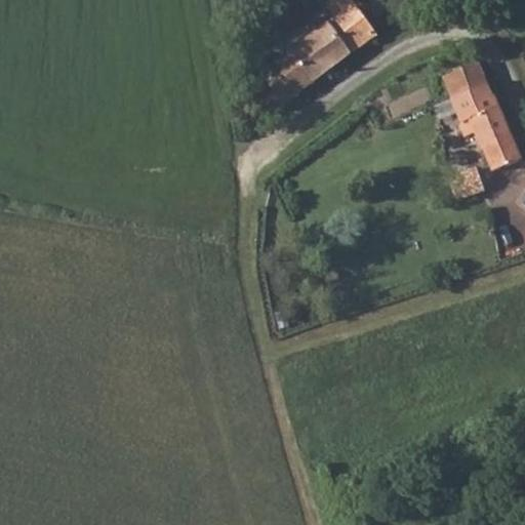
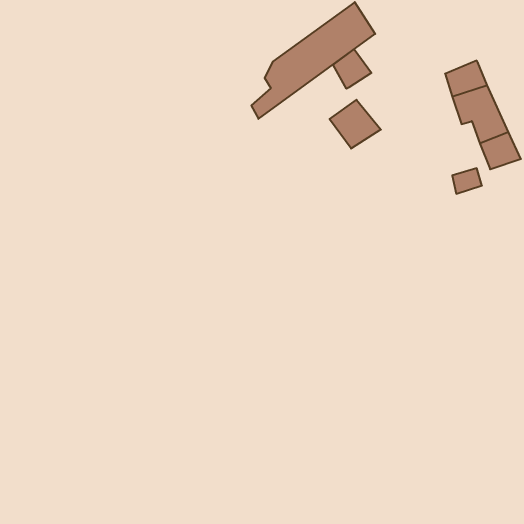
building: none -> [333,49,371,89]
building: none -> [330,100,381,149]

